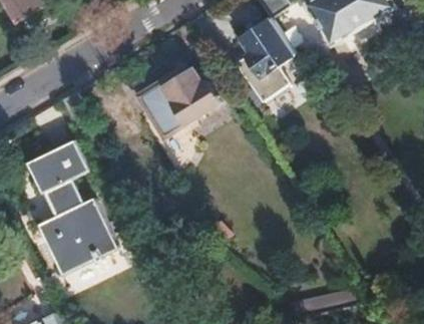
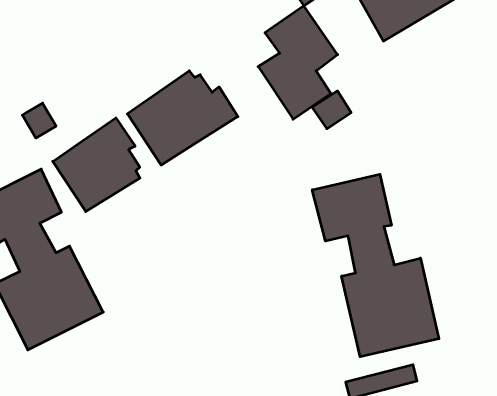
building: none -> [53,118,140,212]
building: none -> [312,174,439,357]

